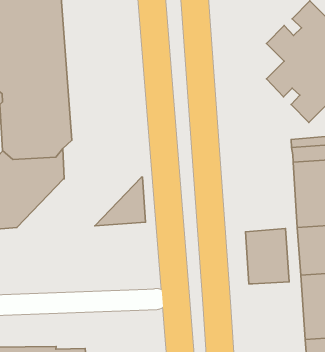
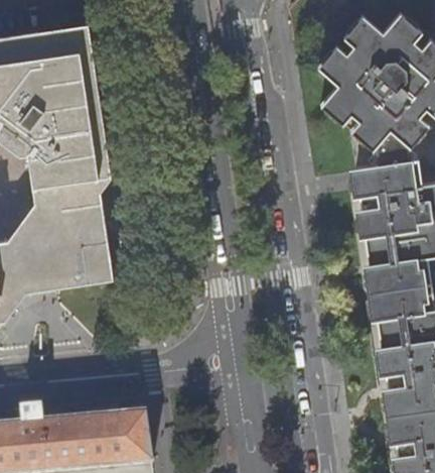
building: [95,177,145,226] -> [56,231,112,288]
building: [245,229,289,284] -> none

